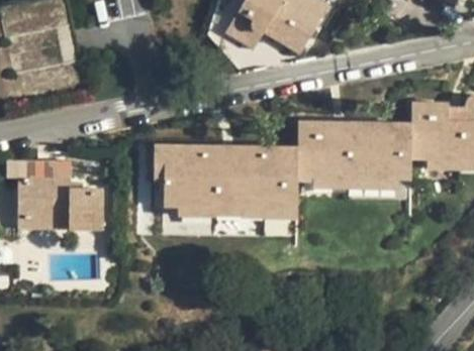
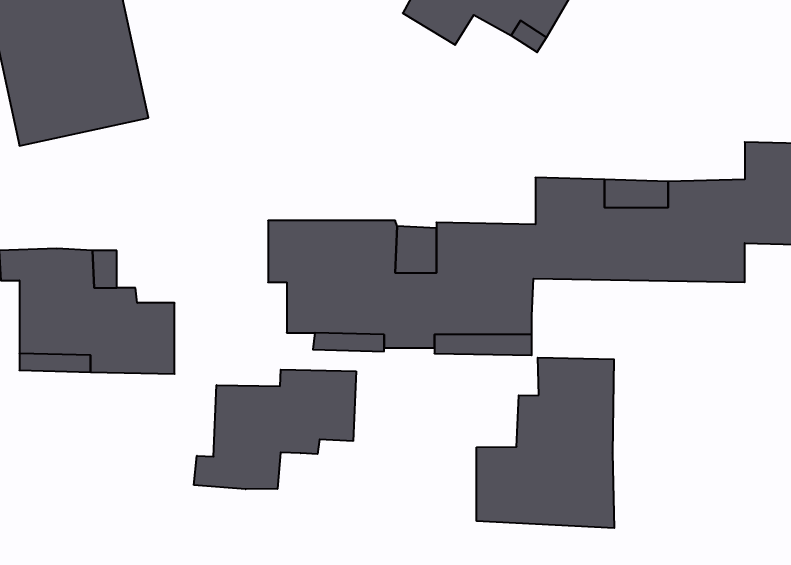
building: none -> [477,358,614,528]
building: none -> [194,370,356,489]

